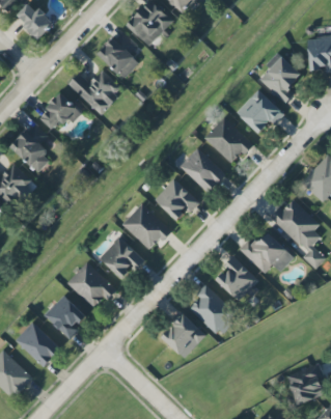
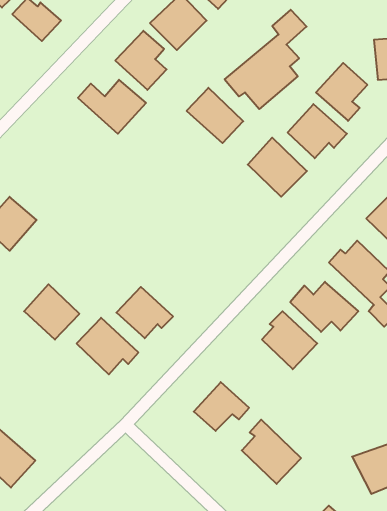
building: none -> [225,10,307,109]
building: [37,93,79,130] -> none
building: [9,123,50,173] -> none
building: [178,148,224,193] -> [187,88,243,143]
building: [154,179,198,221] -> none
building: [120,203,169,252] -> none
building: [188,284,236,336] -> [242,420,301,484]
building: [43,295,87,339] -> [24,284,79,340]
building: [13,323,59,367] -> none

